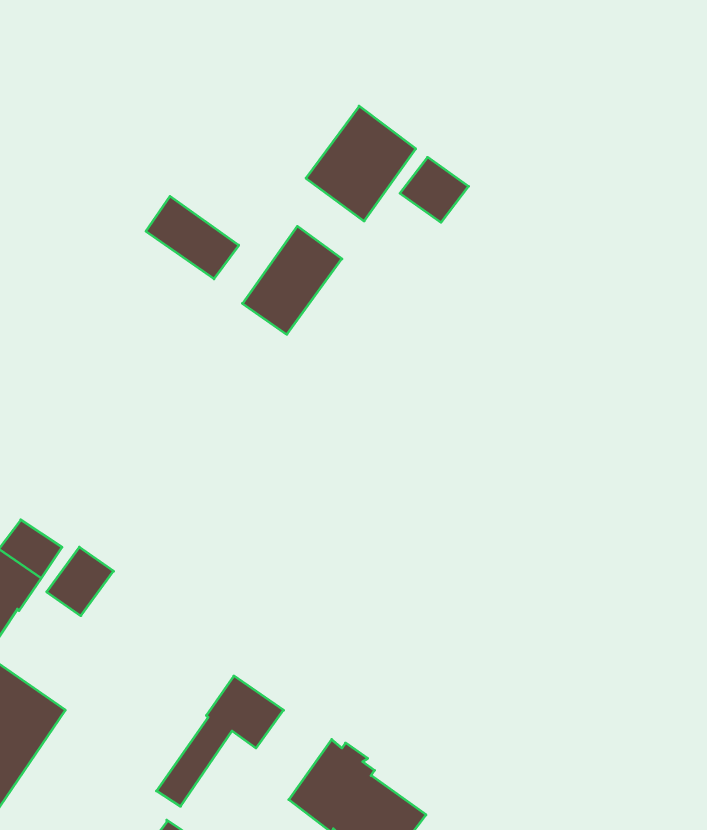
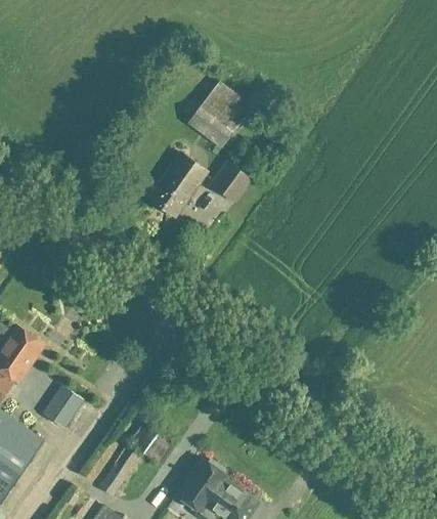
building: [400,157,469,222] -> [211,162,252,201]
building: [146,196,239,279] -> none
building: [47,547,114,616] -> [43,386,83,427]

